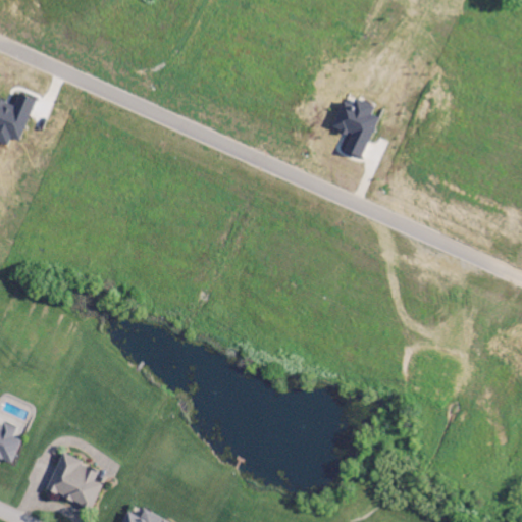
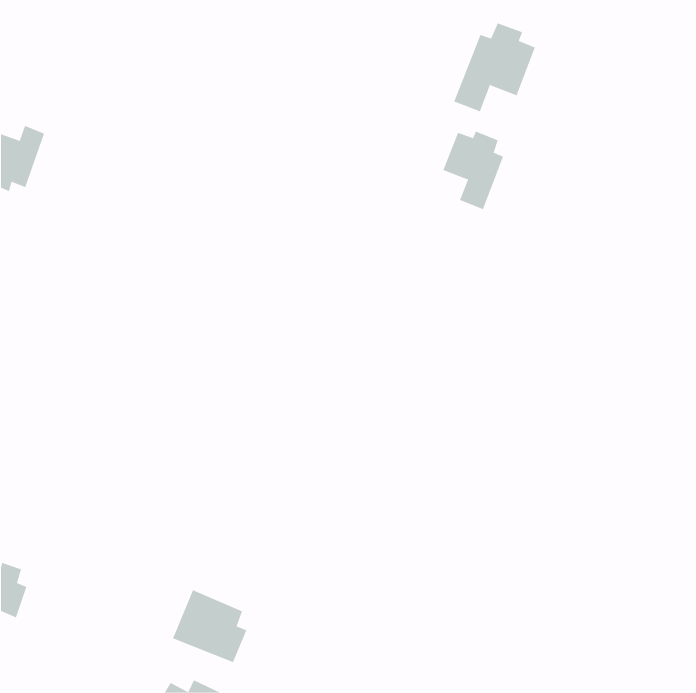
building: none -> [454,23,536,112]
building: [46,454,102,509] -> [172,589,247,663]

